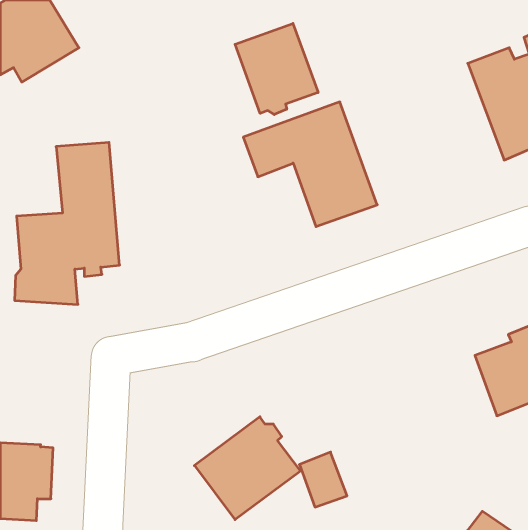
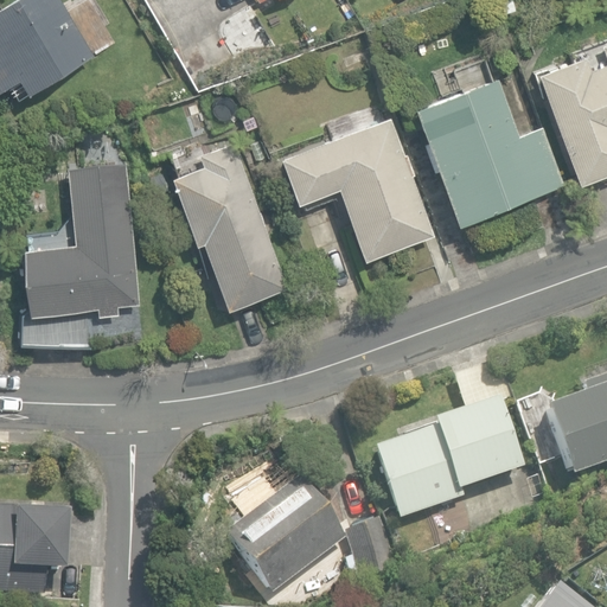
building: [235,23,318,115] -> none
building: none -> [414,78,564,224]
building: none -> [171,143,287,309]
building: none -> [375,358,523,519]

